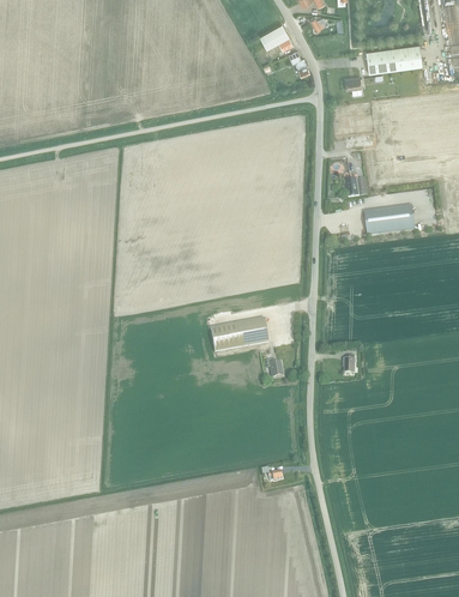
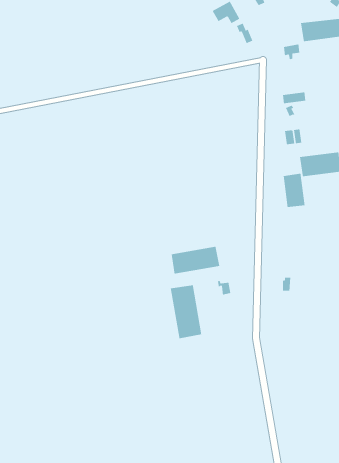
building: none -> [283,173,305,208]
building: none -> [170,285,202,339]

